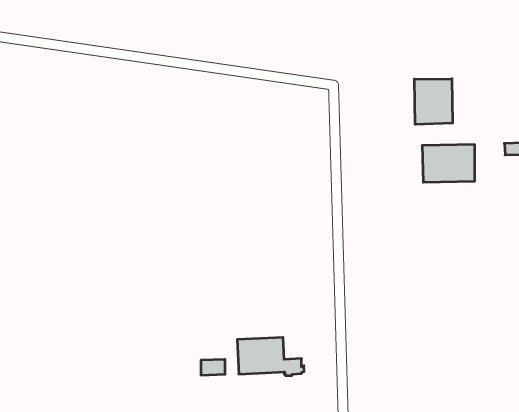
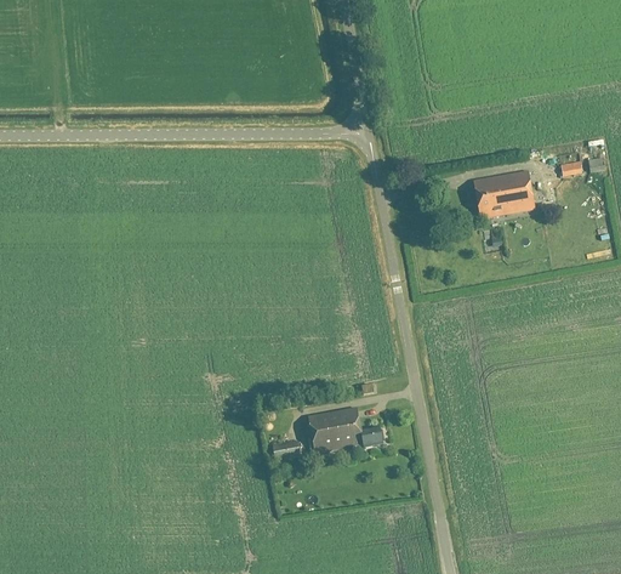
building: [414,79,453,124] -> none

